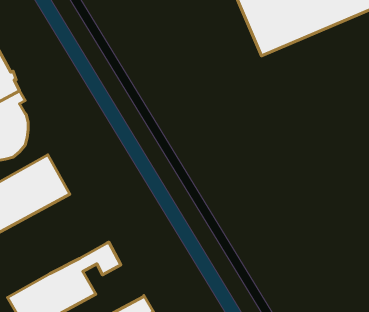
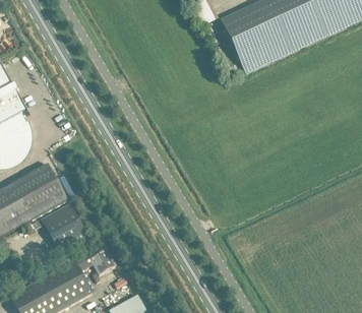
building: none -> [41,204,87,254]

